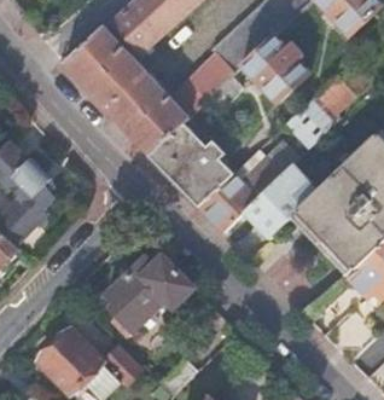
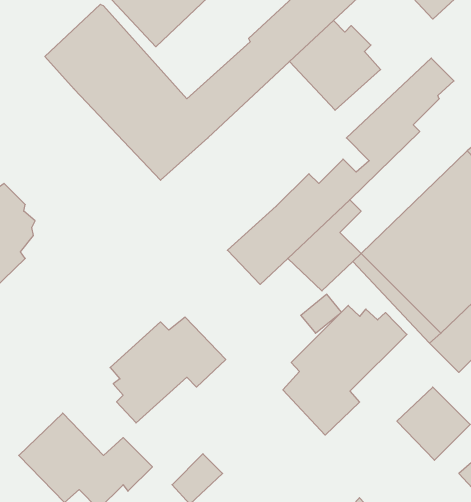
building: [147,124,233,208] -> none
building: none -> [283,305,407,435]

